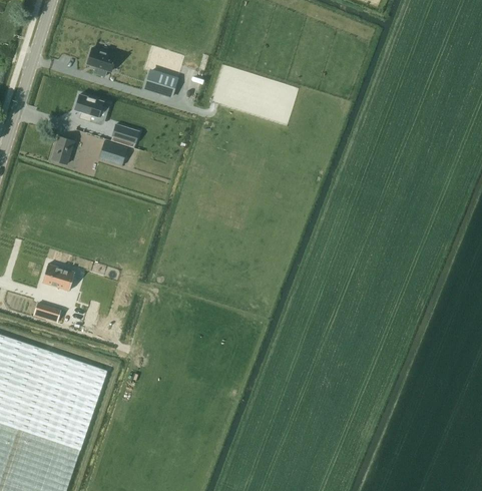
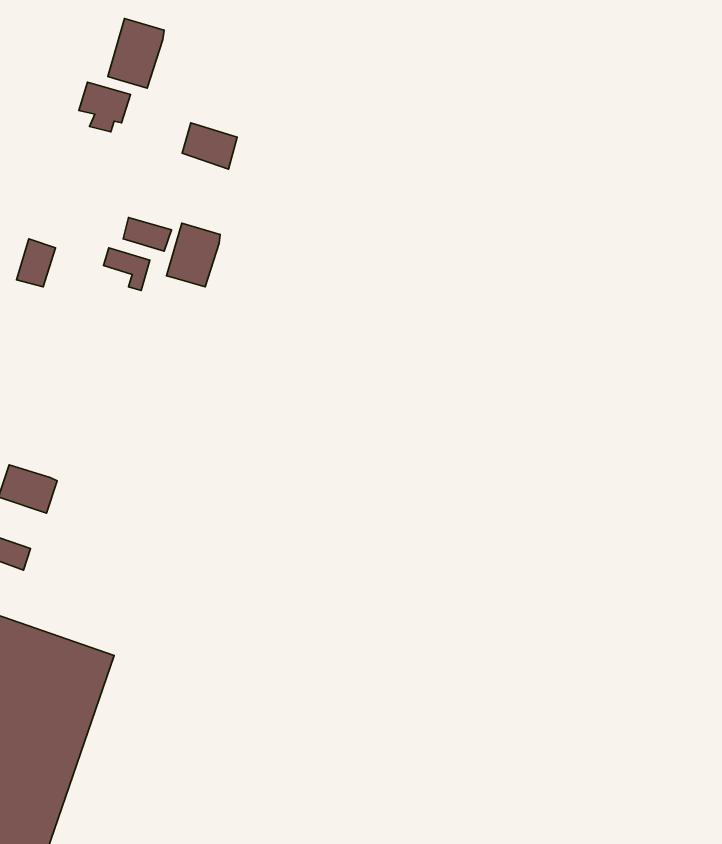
building: none -> [108,19,164,88]
building: [74,94,109,121] -> none
building: none -> [167,223,220,287]

